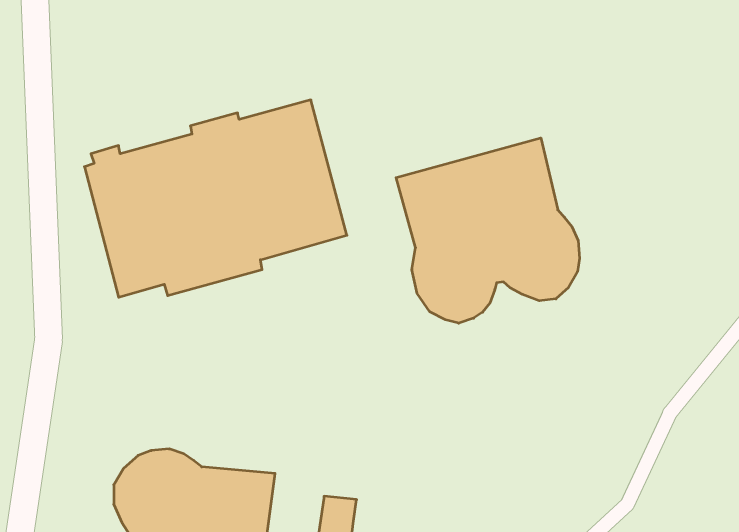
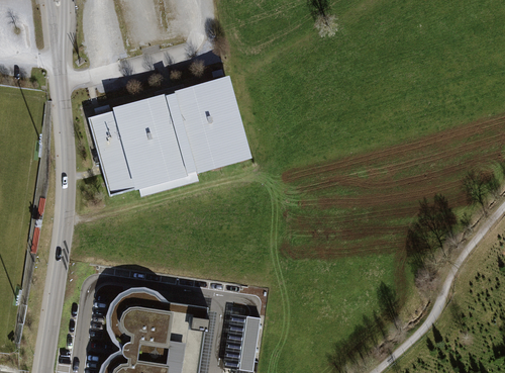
building: [396,138,580,323] -> none

